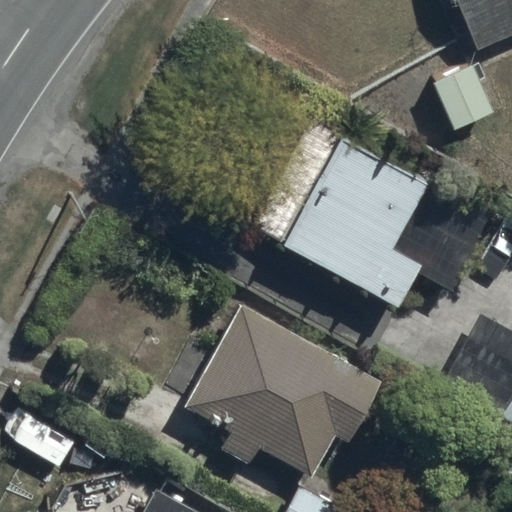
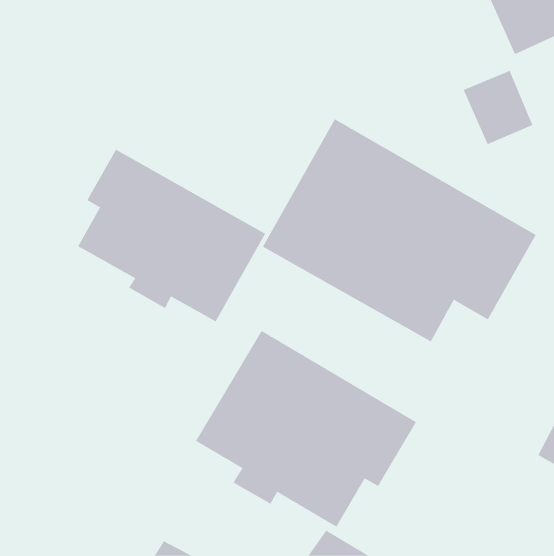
building: none -> [77,149,266,322]

